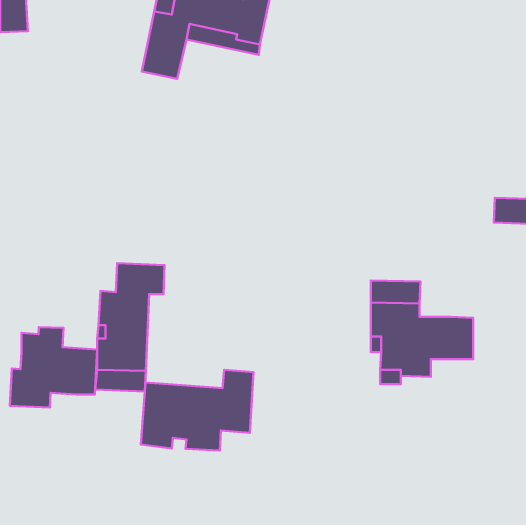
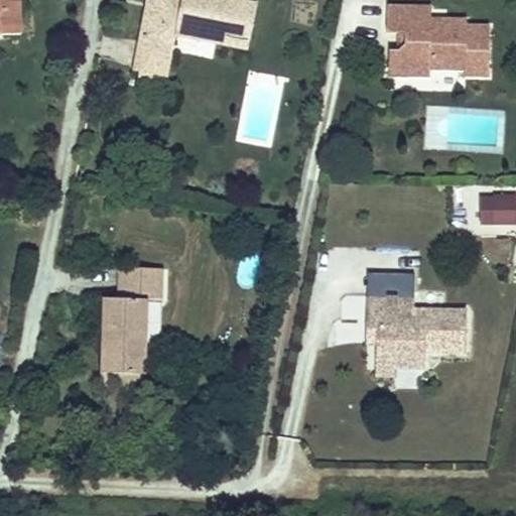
building: none -> [385,5,488,76]
building: [10,327,97,407] -> none
building: [141,370,253,450] -> none

